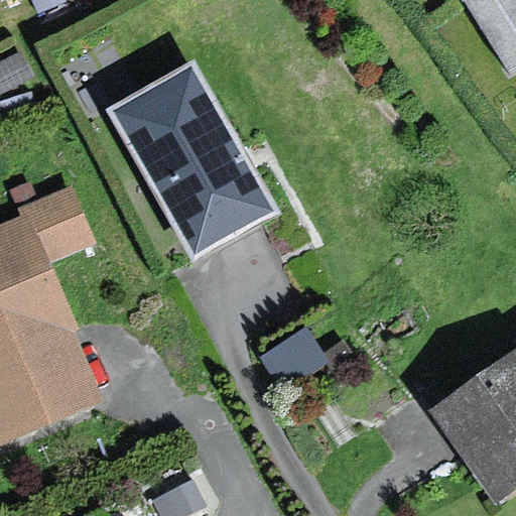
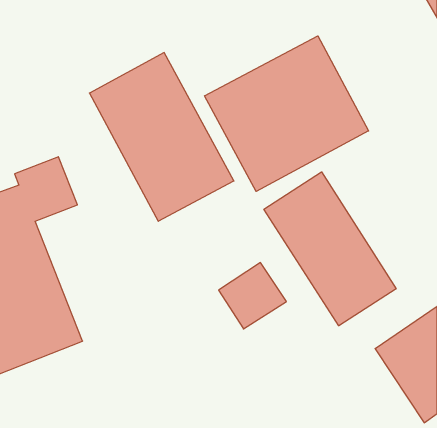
building: none -> [205,36,369,191]
building: none -> [264,172,396,326]

